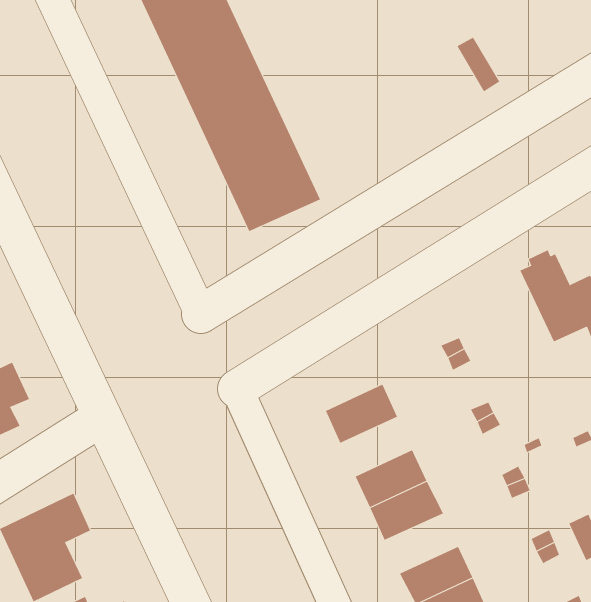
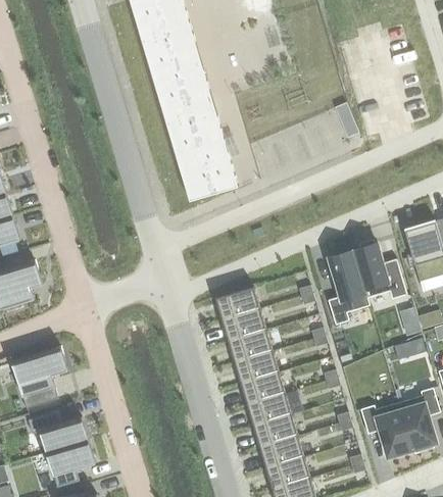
building: none -> [328,250,370,325]
building: none -> [215,287,259,318]
building: none -> [228,329,272,361]
building: none -> [246,392,291,425]

